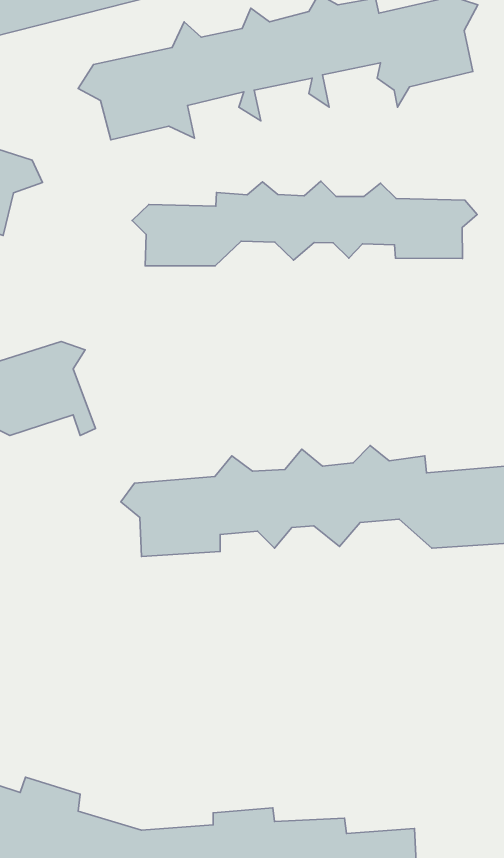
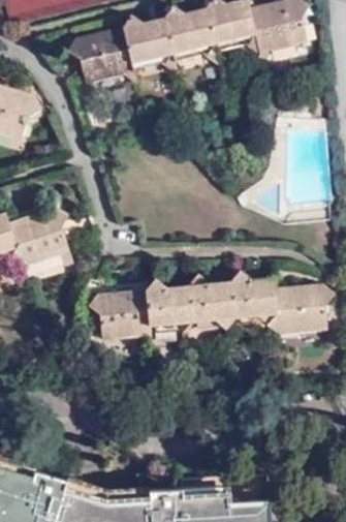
building: [132,181,477,266] -> none

